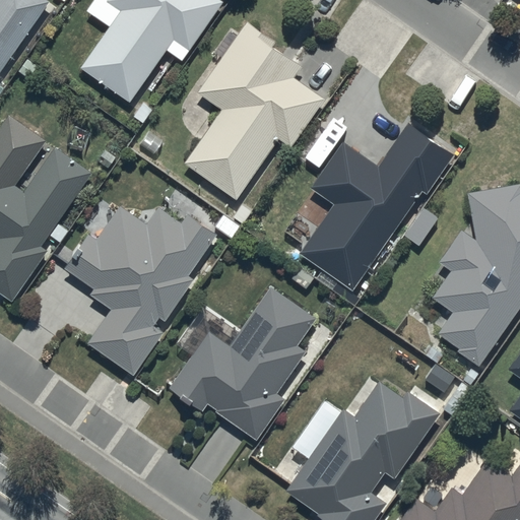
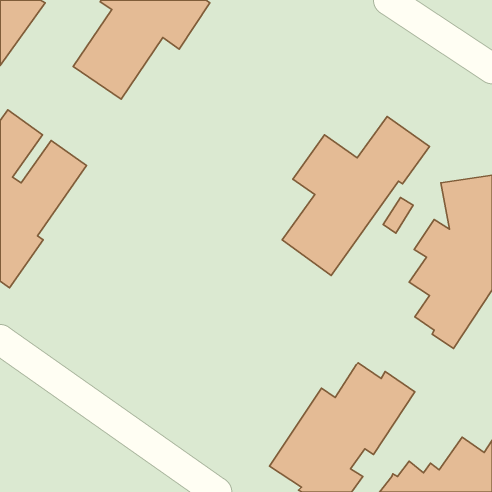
building: [184,22,322,200] -> none
building: [64,208,215,376] -> none
building: [168,288,314,439] -> none

